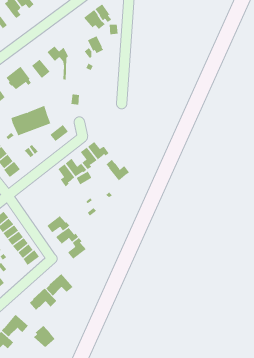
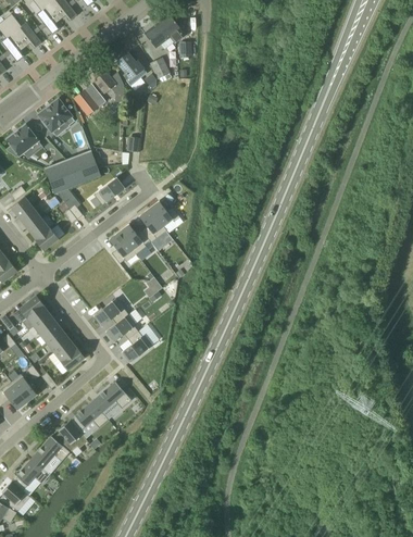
building: none -> [115,52,146,87]
building: [106,159,130,181] -> none
building: [33,325,56,348] -> [54,421,85,451]

